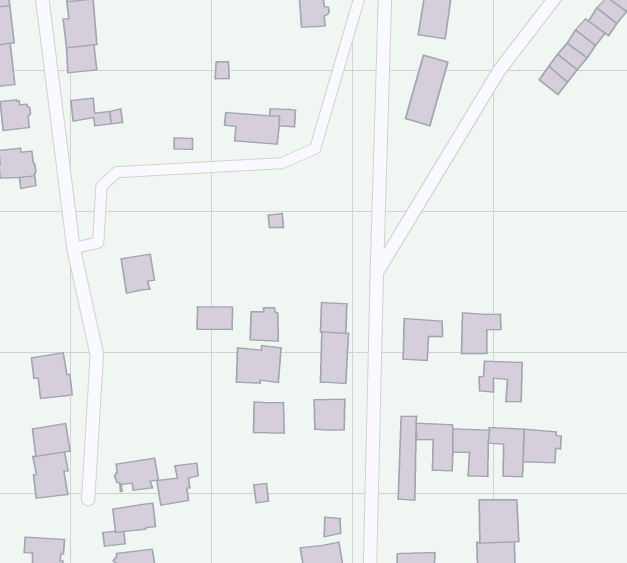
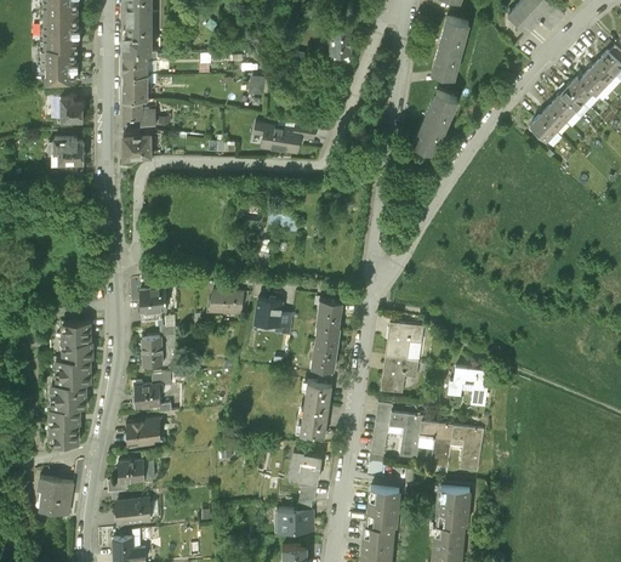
building: none -> [123,75,148,100]
building: none -> [123,131,149,155]
building: [121,254,154,293] -> [141,288,167,319]
building: [462,313,501,354] -> [381,357,418,394]
building: [236,346,281,383] -> none
building: none -> [142,336,163,365]
building: none -> [59,356,90,381]
building: [254,402,284,433] -> [298,409,327,439]
building: [523,429,561,463] -> none
building: [157,463,198,505] -> [135,373,171,405]
building: none -> [290,453,321,483]
building: none -> [364,489,400,529]

